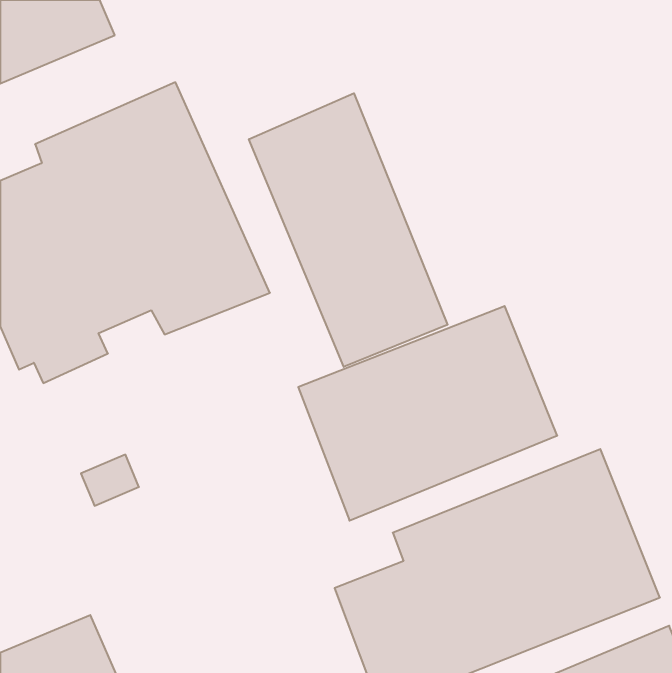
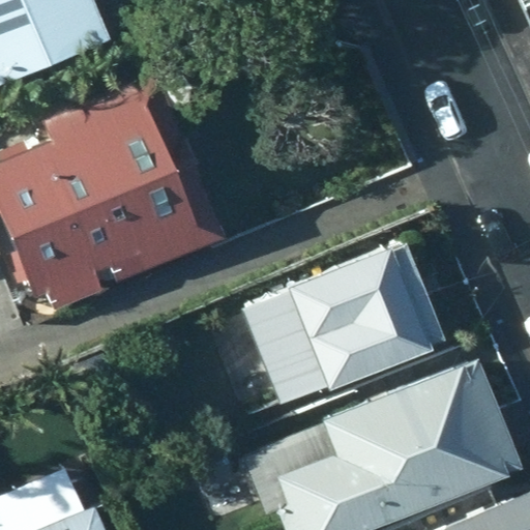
building: [249,93,448,367] -> none

